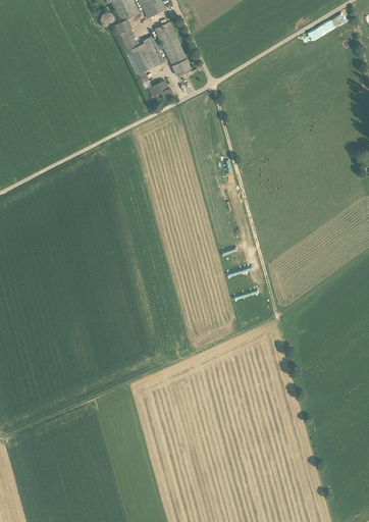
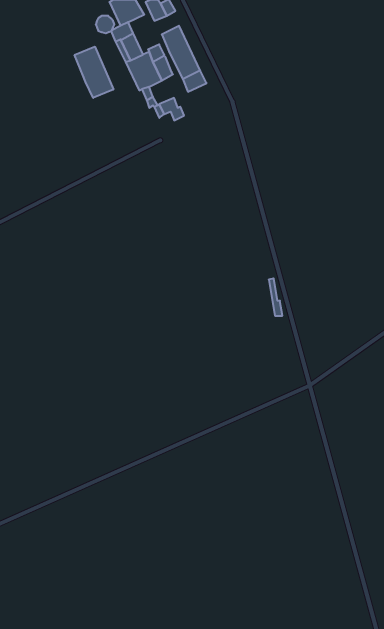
building: none -> [75,47,113,98]

